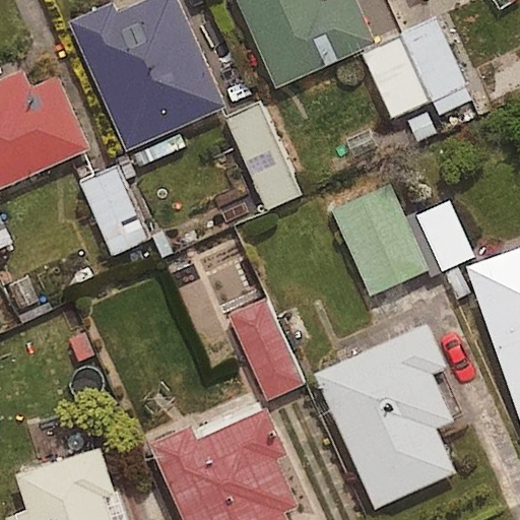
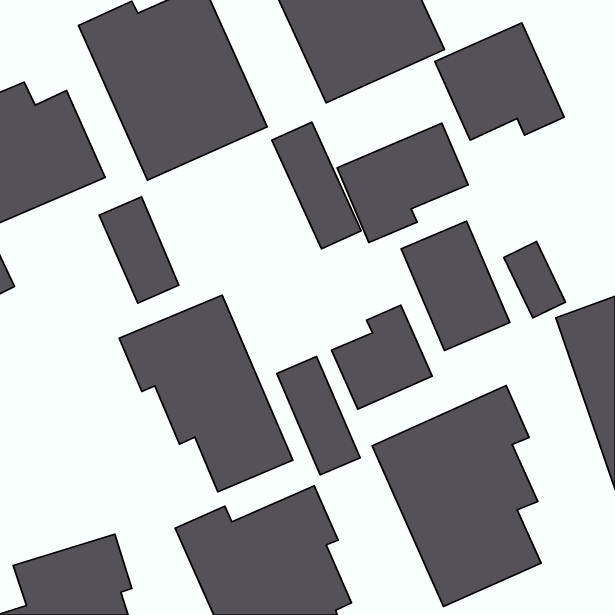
building: none -> [337,123,468,242]
building: none -> [119,295,293,492]
building: none -> [332,305,432,409]

